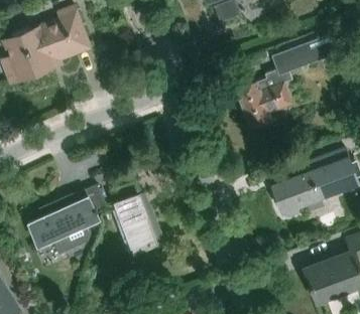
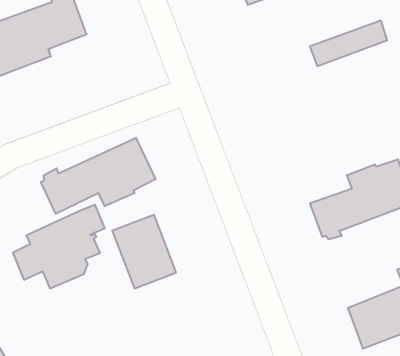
building: [236,70,291,128] -> none
building: none -> [41,138,156,214]

